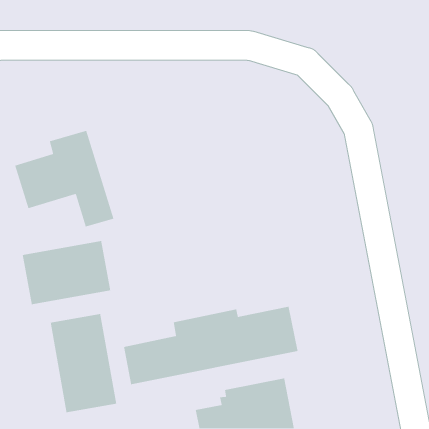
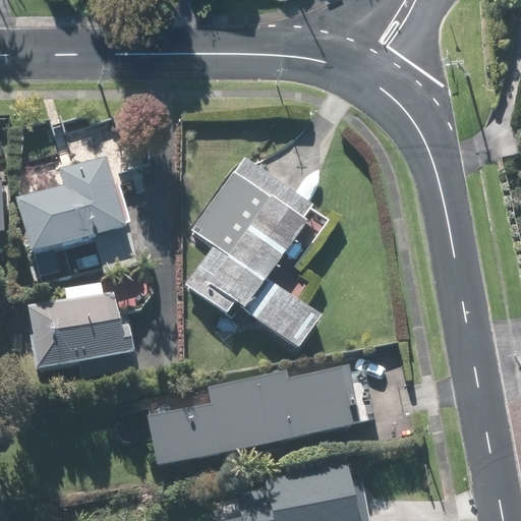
building: none -> [186,157,320,347]
building: [50,313,117,413] -> none

